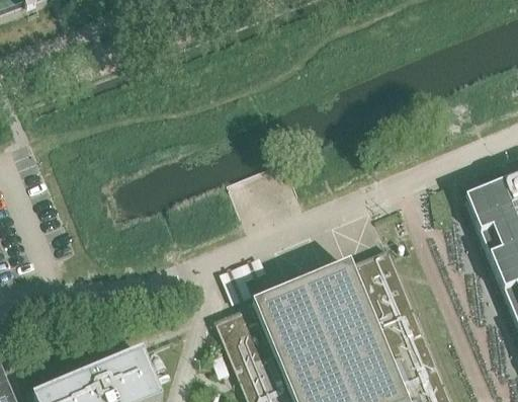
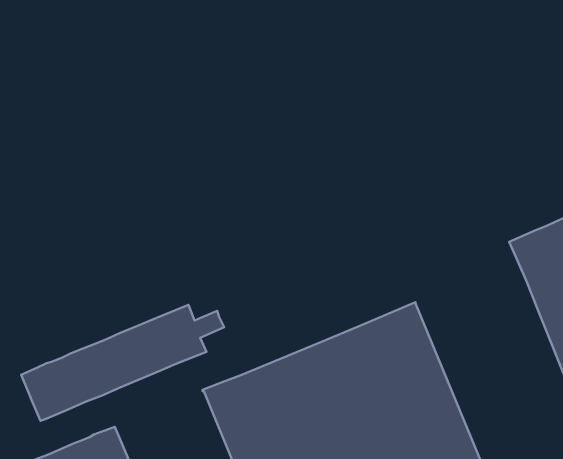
building: none -> [21,305,224,421]

